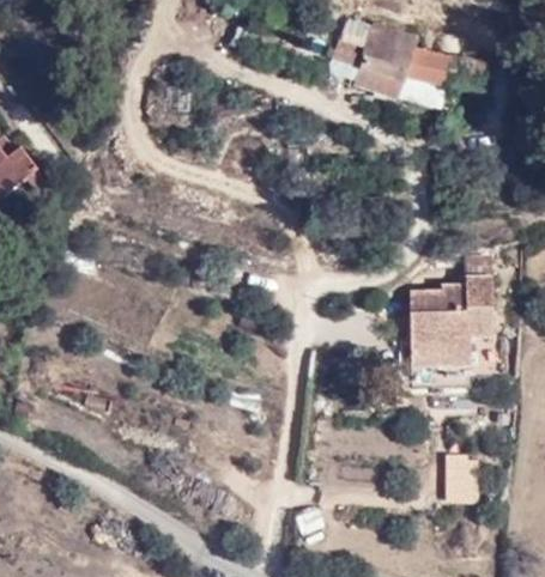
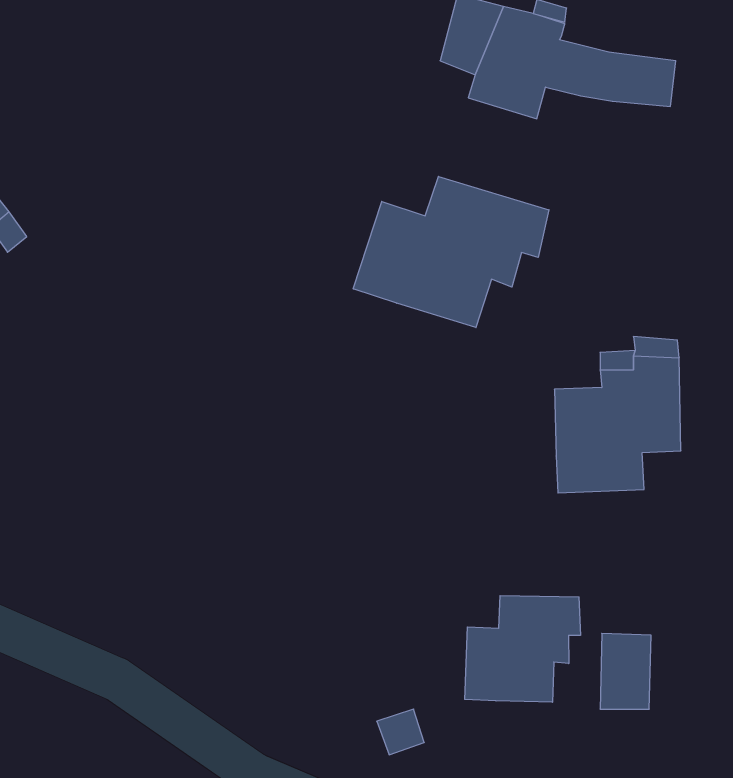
building: none -> [353,176,549,328]
building: none -> [465,596,580,702]

